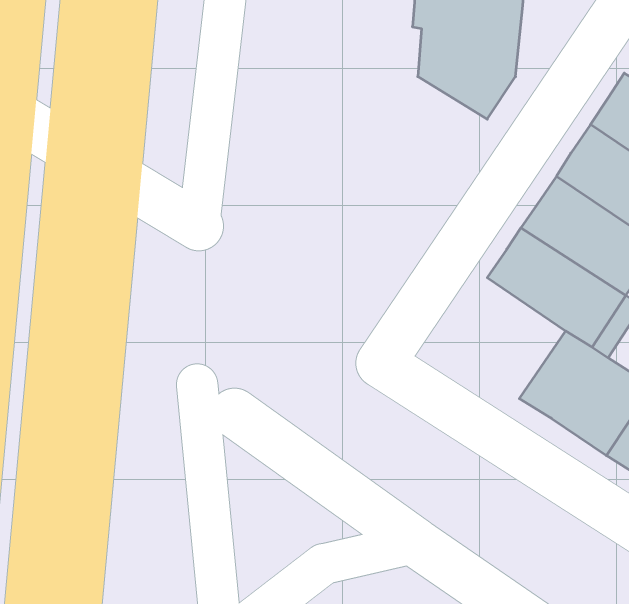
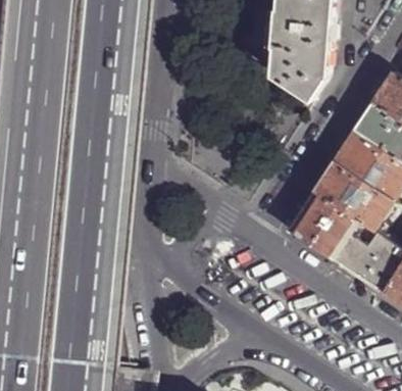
building: none -> [286,192,356,261]

